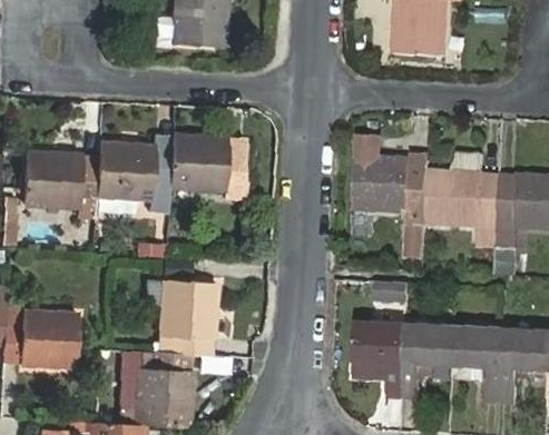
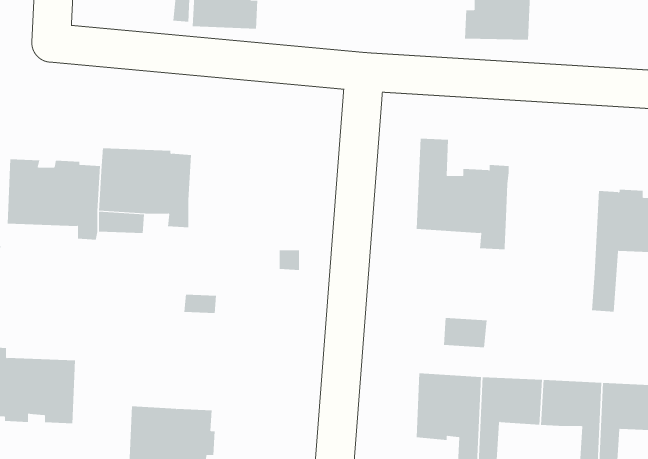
building: [170,132,248,194] -> none
building: [425,156,500,244] -> none
building: [160,278,216,355] -> none

